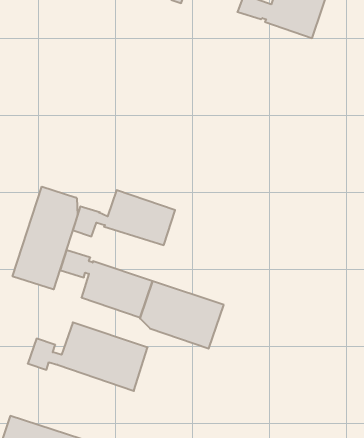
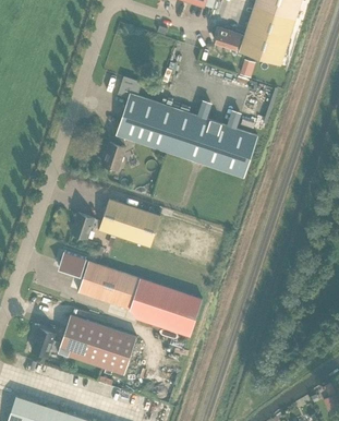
building: none -> [102,76,257,177]
building: [13,187,77,289] -> none

